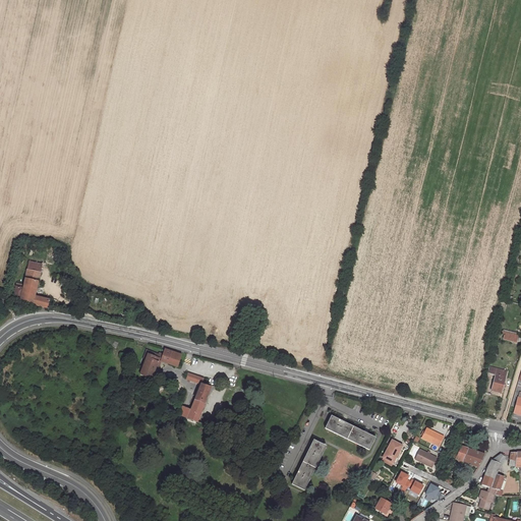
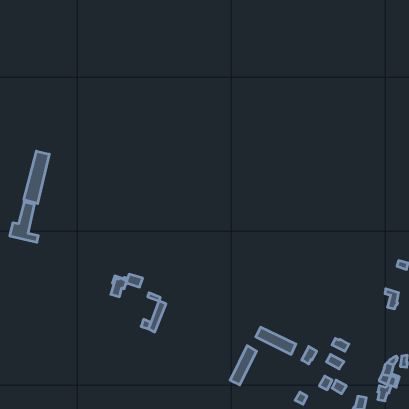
building: none -> [24,151,49,204]
building: [455,445,484,466] -> none

